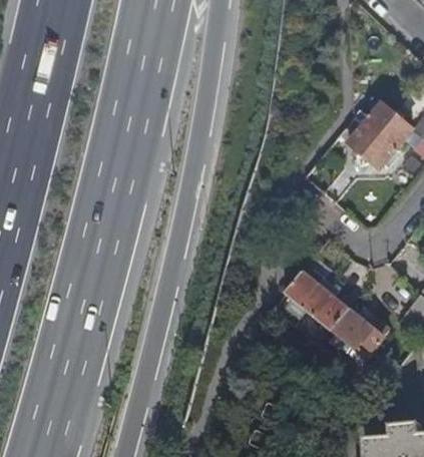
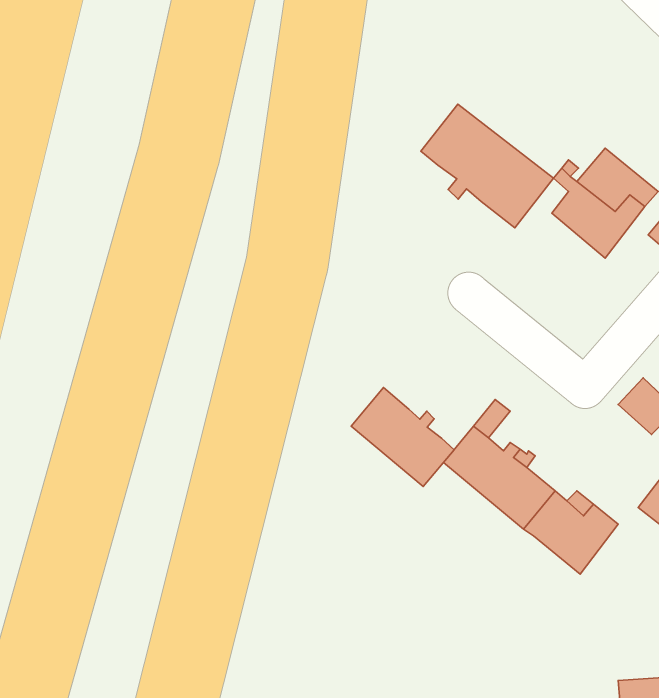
building: none -> [421,104,553,228]
building: none -> [351,388,454,486]

